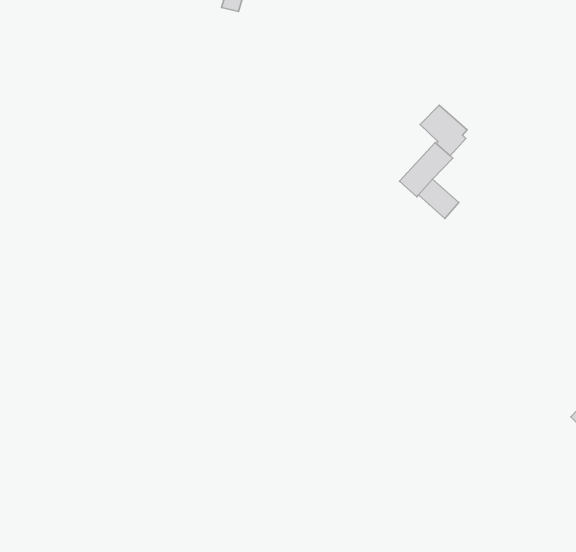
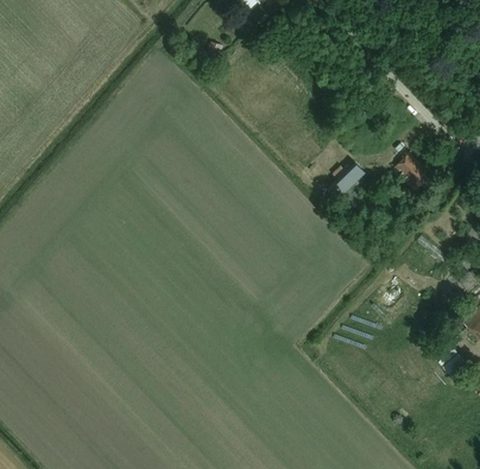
building: [420,105,467,156] -> [398,151,431,188]

